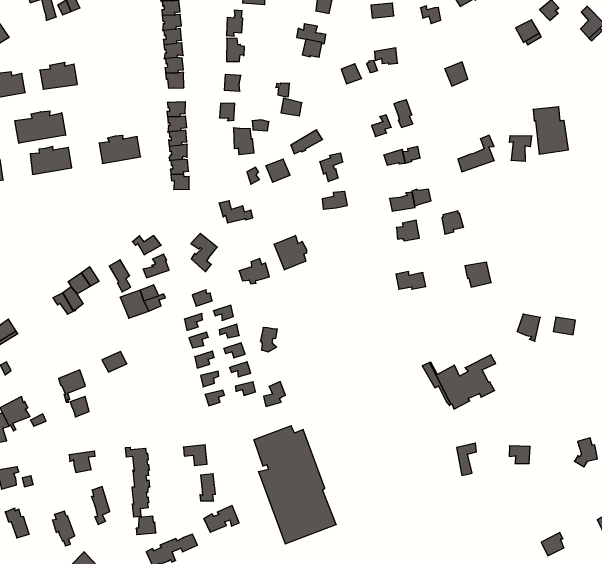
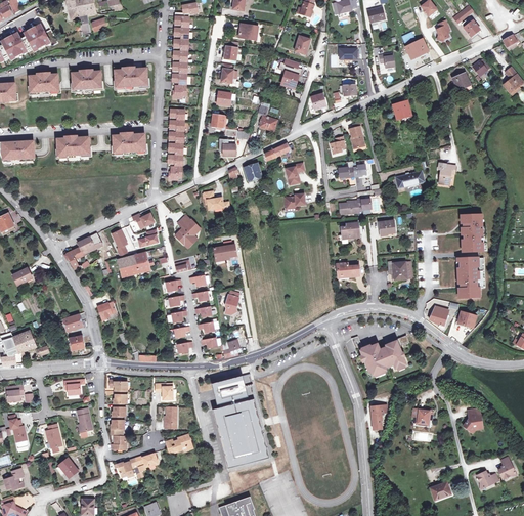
building: none -> [115,67,146,87]
building: [533,107,568,154] -> [462,215,486,251]
building: [15,111,66,143] -> none
building: [274,235,307,270] -> none
building: none -> [458,258,484,298]

